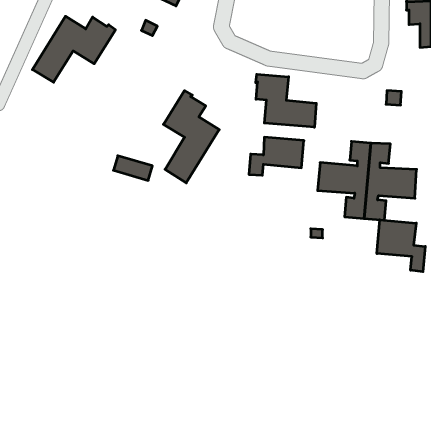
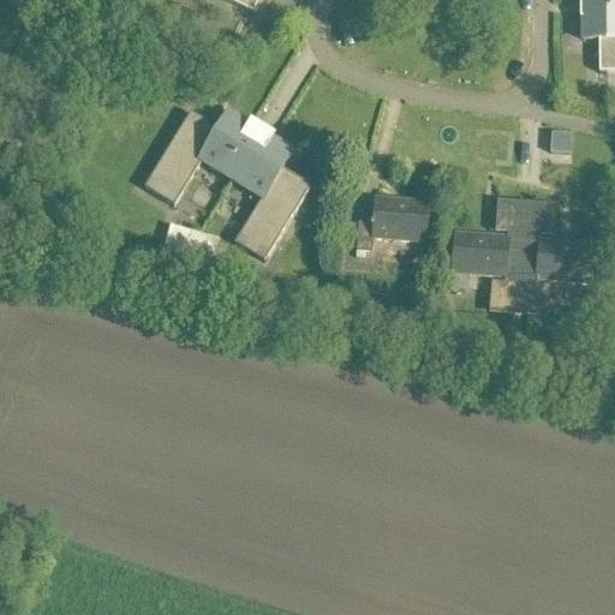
building: [32,16,115,82] -> [144,109,262,203]
building: [256,74,316,127] -> none
building: [377,220,425,272] -> none

